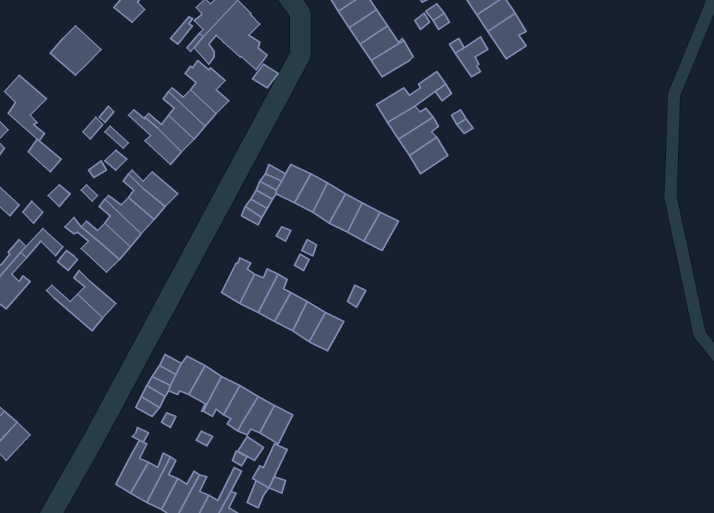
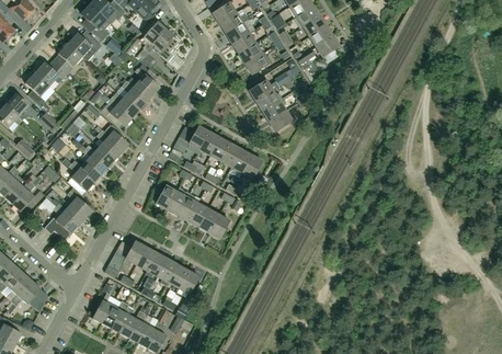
building: none -> [69,32,103,57]
building: none -> [35,59,75,87]
building: none -> [45,206,79,239]

